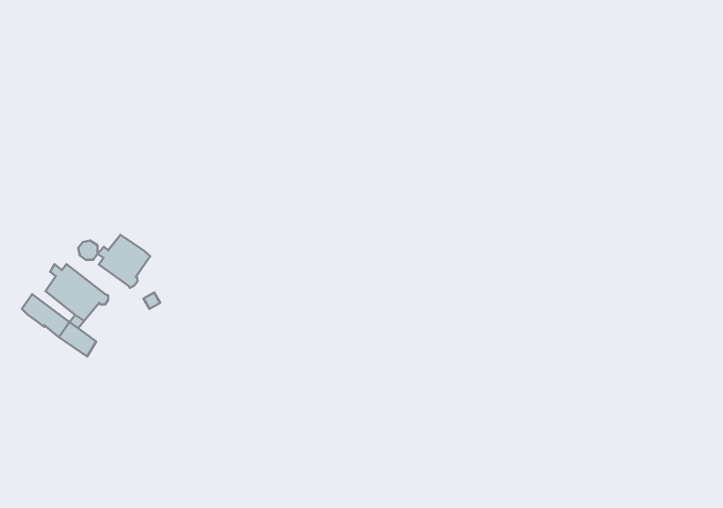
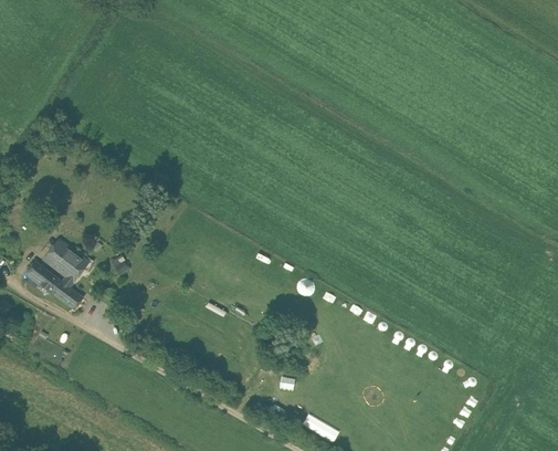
building: [98,235,150,288] -> none

